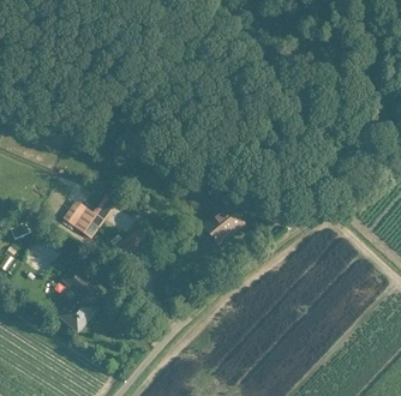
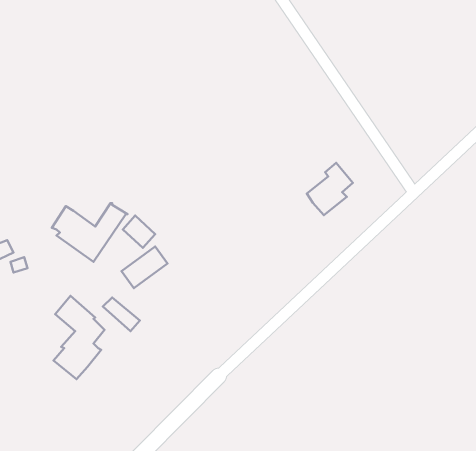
building: [205,206,241,247] -> [307,163,353,215]

